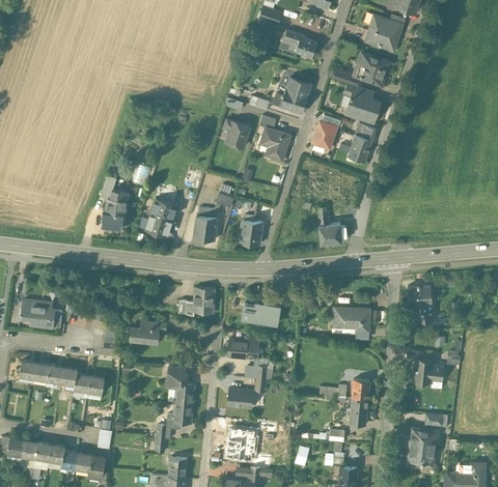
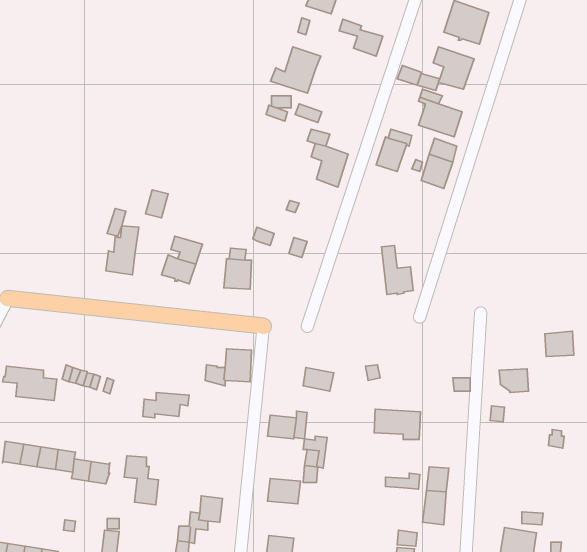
building: [272,78,311,114] -> [270,47,321,93]
building: [225,120,249,148] -> none
building: [239,221,261,246] -> none
building: [408,285,431,305] -> [545,331,574,356]
building: [333,308,369,332] -> [374,409,420,439]
building: [413,359,444,384] -> none
building: [167,367,194,405] -> [124,456,158,505]

